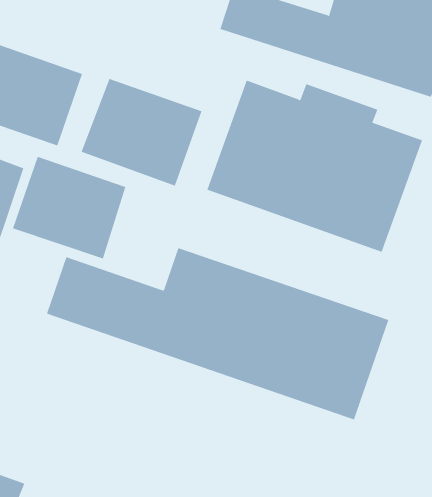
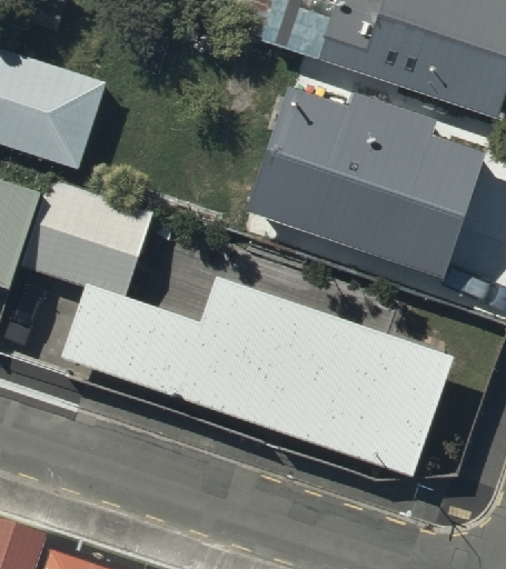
building: [81,78,202,186] -> none

